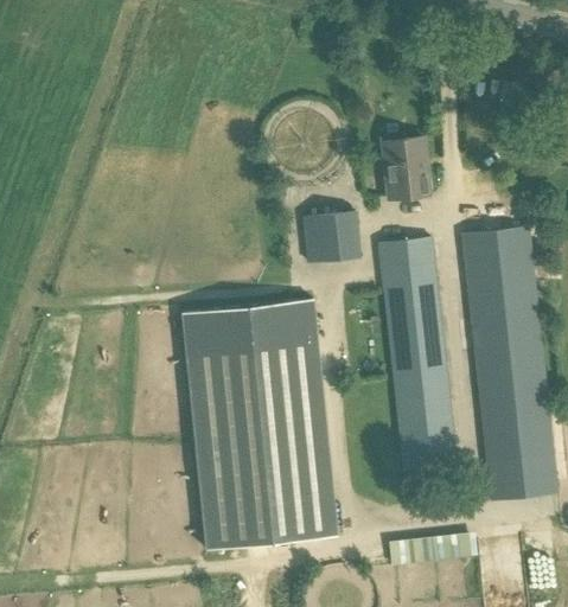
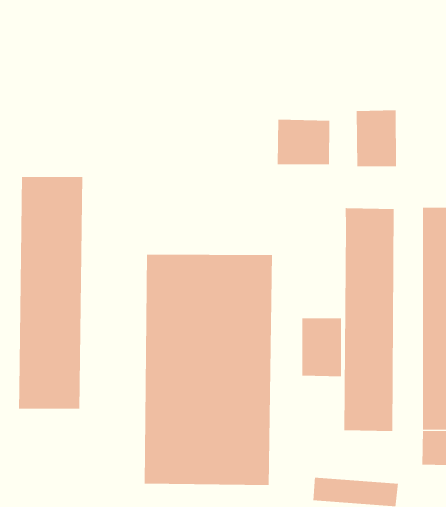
building: [301,212,360,264] -> [277,119,330,165]
building: none -> [18,176,83,410]
building: none -> [301,318,342,377]

